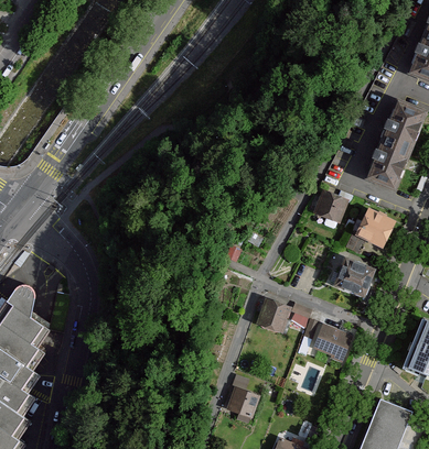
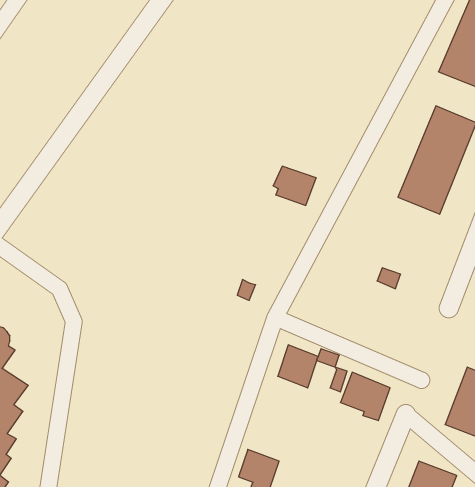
building: [308,188,344,221] -> [273,166,316,205]
building: [350,206,390,244] -> none
building: [326,254,369,295] -> none

